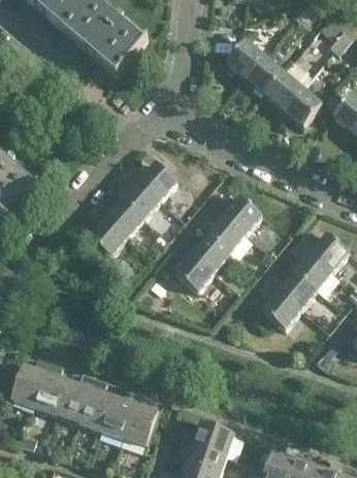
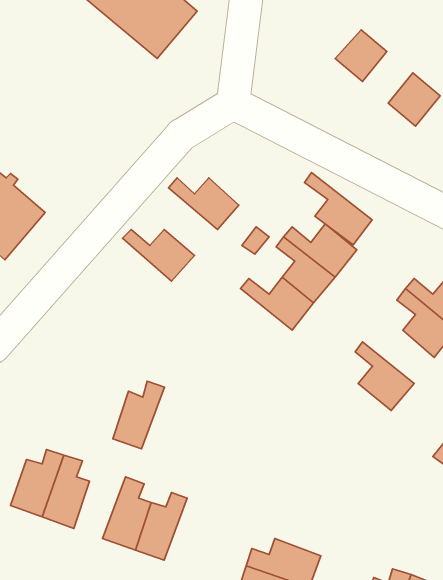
building: [227,39,264,76] -> none
building: [265,61,311,108] -> none
building: none -> [305,173,372,245]
building: [120,169,161,217] -> none
building: [87,205,128,255] -> none
building: [171,241,215,291] -> none
building: [265,271,317,309] -> none
building: [58,372,95,420] -> [113,381,164,449]
building: [123,391,160,444] -> none

